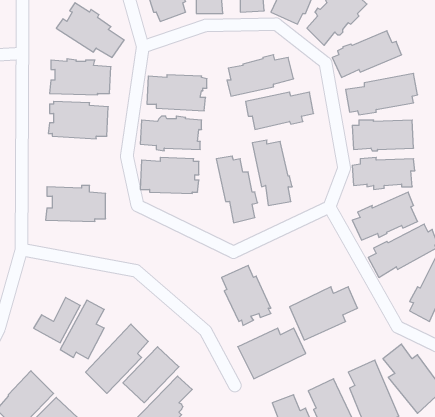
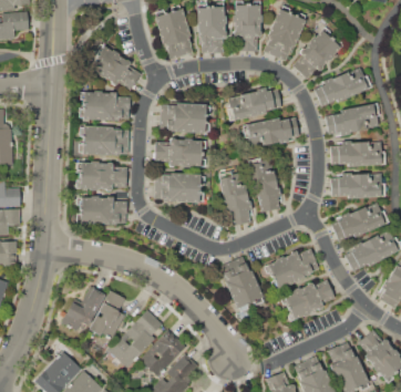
building: none -> [75,161,126,189]
building: [238,328,306,379] -> [263,248,319,290]

